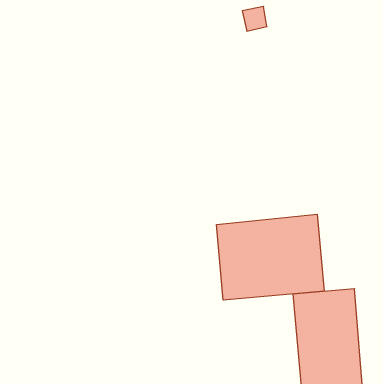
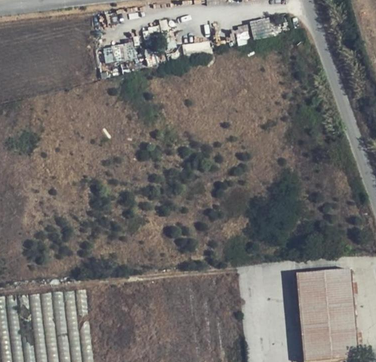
building: [217,214,324,300] -> none

